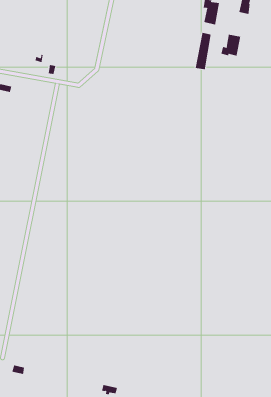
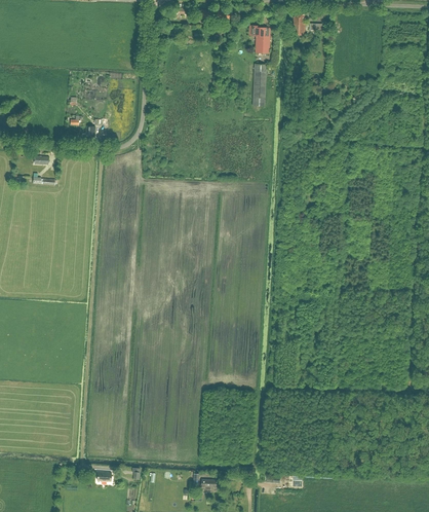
building: [221,34,241,56] -> none

